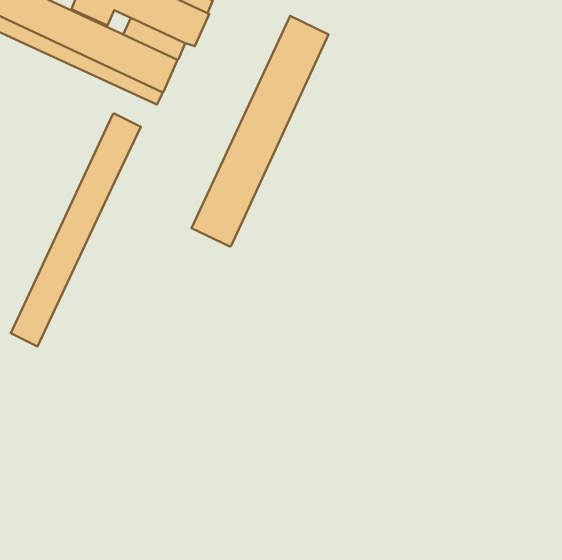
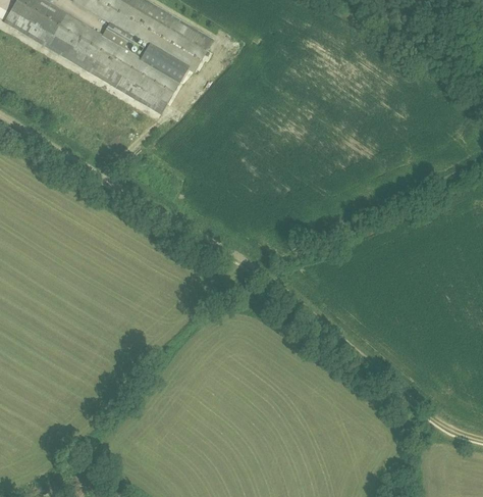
building: [191,16,328,247] -> none
building: [11,113,141,346] -> none

